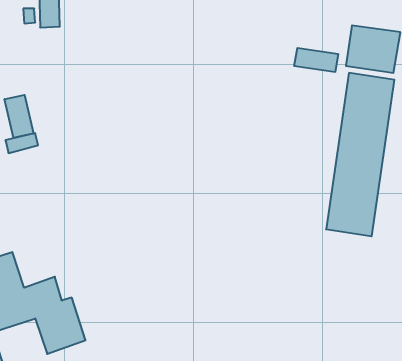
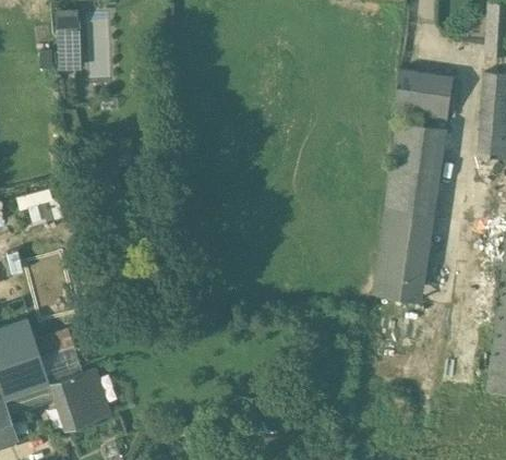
building: [294,48,338,72] -> none
building: [5,95,34,138] -> none

